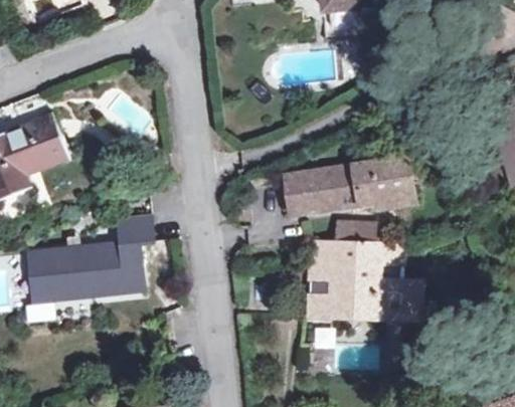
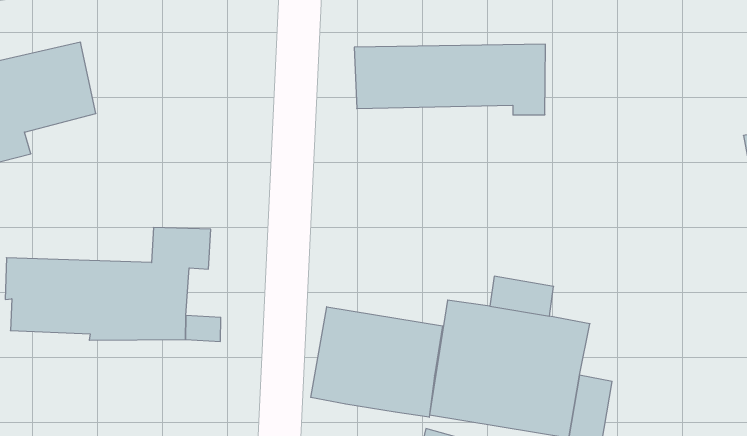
building: [285,160,410,217] -> [354,44,545,115]
building: none -> [311,307,443,417]

